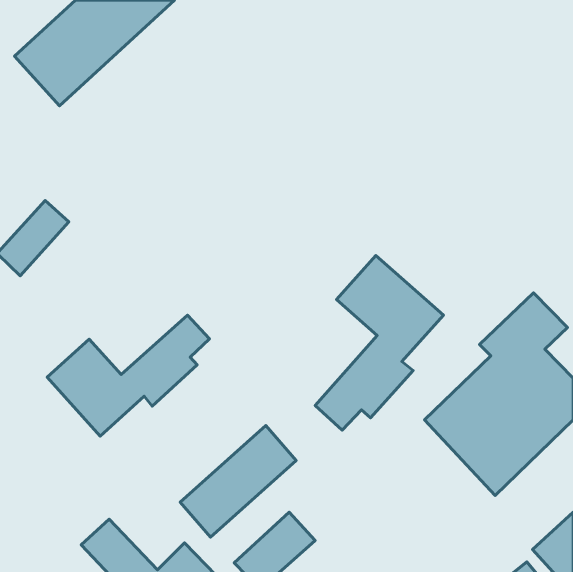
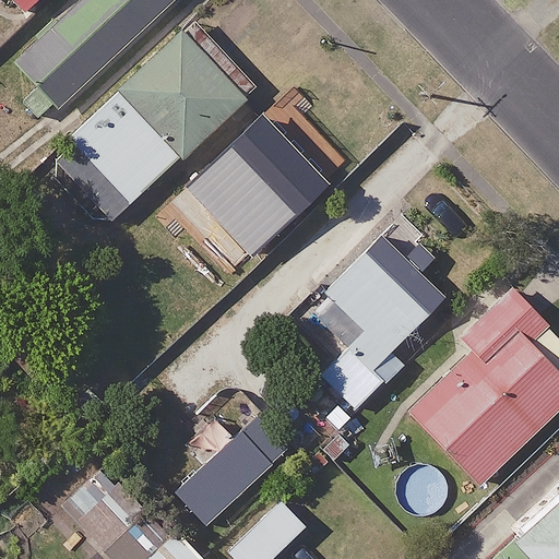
building: none -> [53,28,255,219]
building: none -> [193,123,319,250]
building: [47,315,209,436] -> none

